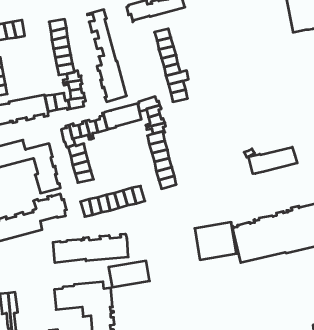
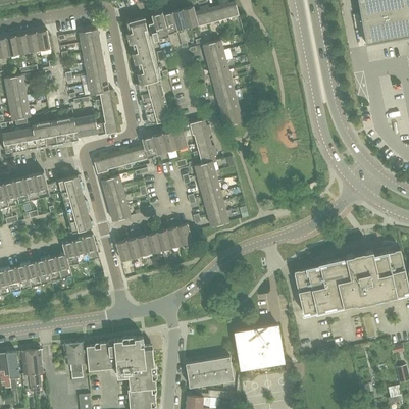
building: none -> [148,11,176,49]
building: [249,147,297,174] -> none
building: [195,222,237,260] -> [234,325,283,369]
building: [53,234,128,263] -> none
building: [109,261,150,287] -> [185,357,233,388]
building: none -> [63,343,85,379]

